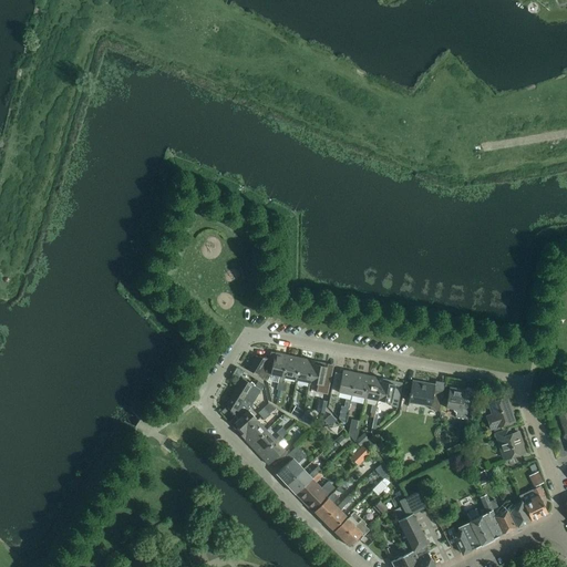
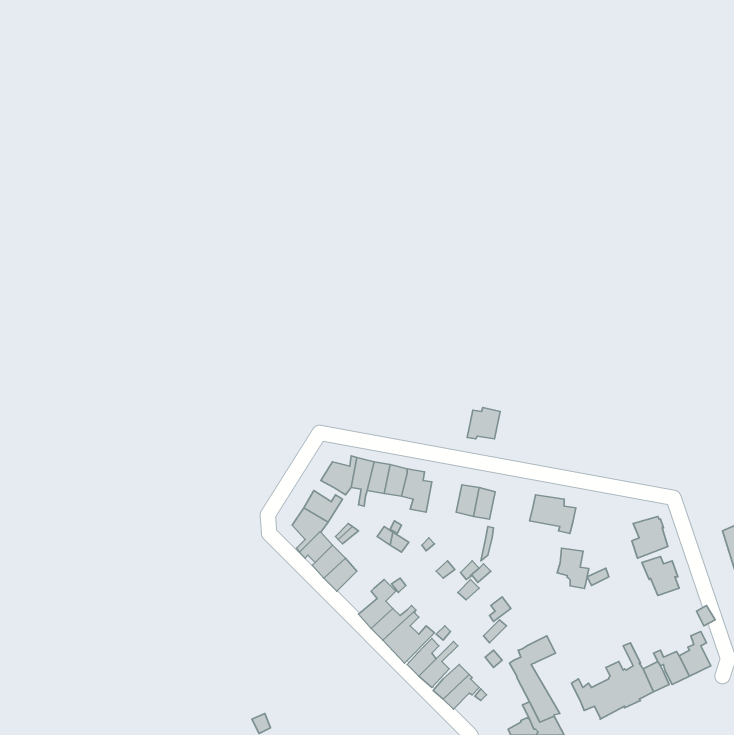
building: [331,370,357,394] -> [467,407,500,439]
building: [378,379,402,406] -> none
building: [446,388,471,419] -> [557,548,589,589]
building: [260,430,289,464] -> none

